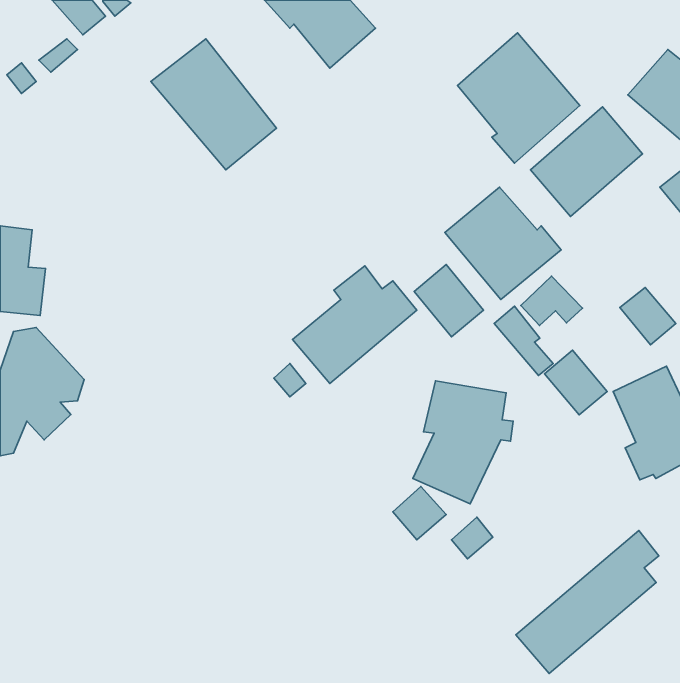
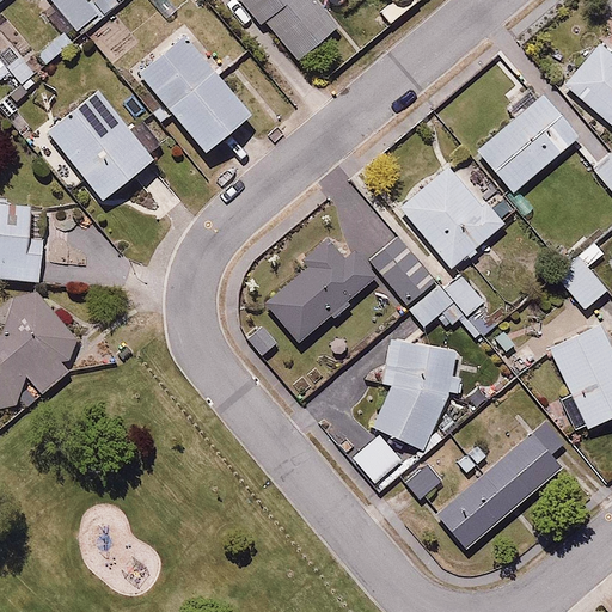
building: [457,33,580,163] -> none
building: none -> [47,91,161,200]
building: [521,276,582,326] -> [408,286,463,330]
building: [544,350,607,415] -> none
building: [516,531,659,674] -> [436,422,564,550]

